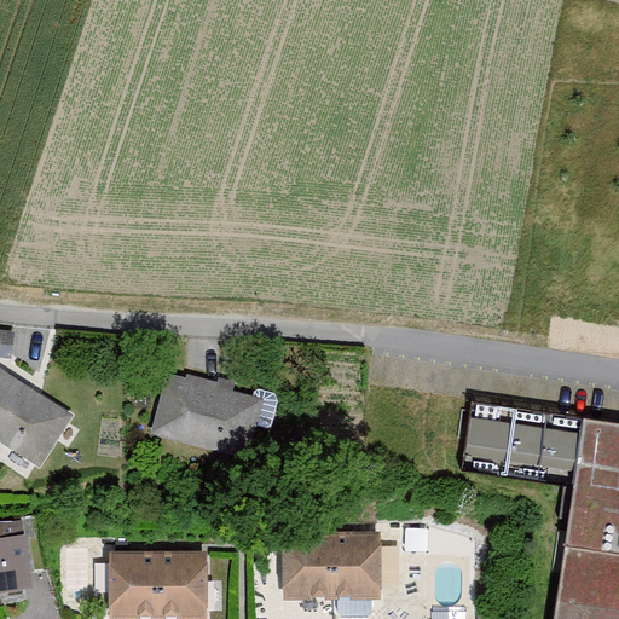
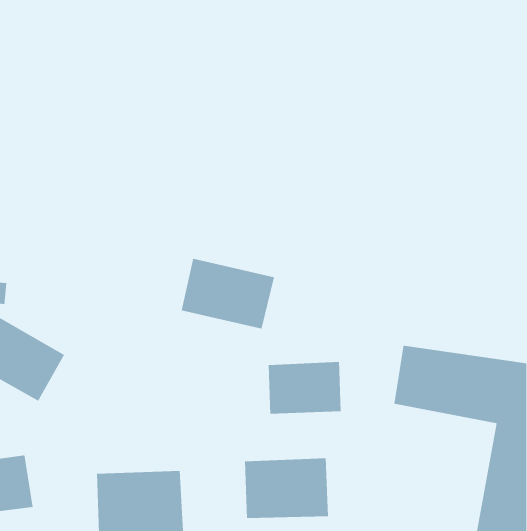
building: [158,374,267,456] -> [181,258,275,329]
building: none -> [268,361,341,414]

